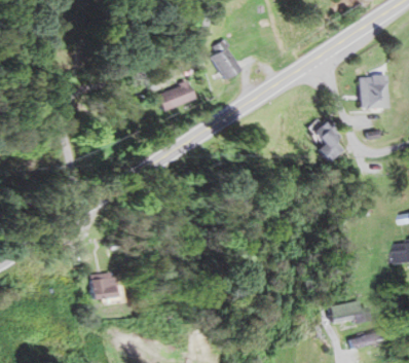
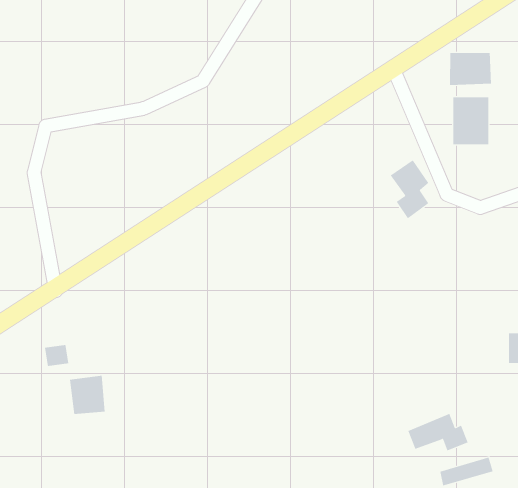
building: [209,41,240,80] -> none
building: none -> [450,52,491,86]
building: [155,82,193,110] -> none

